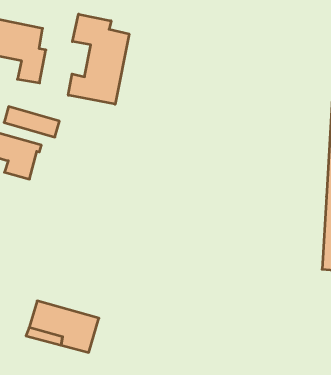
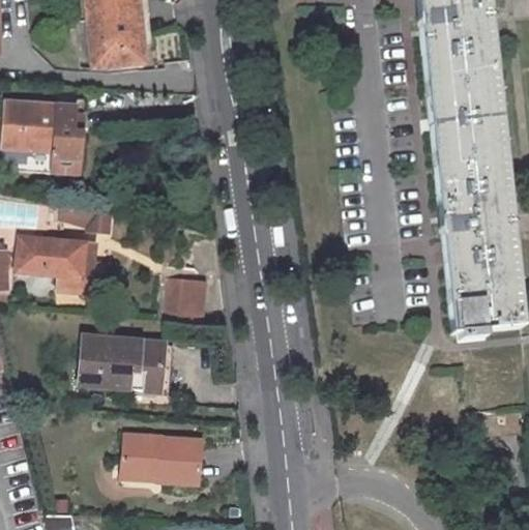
building: [68,14,129,104] -> none
building: none -> [165,277,208,323]
building: none -> [81,334,165,390]

